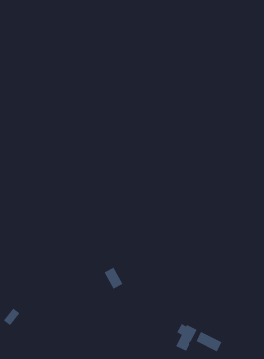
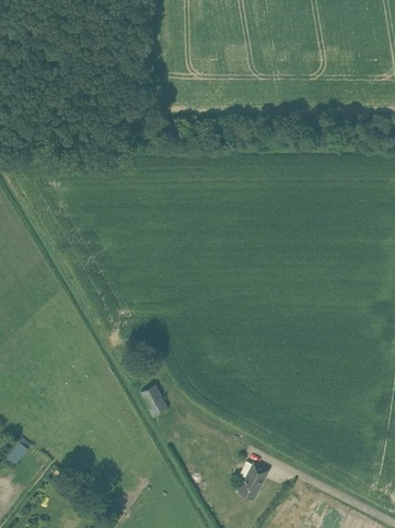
building: [195,331,223,353] -> none

